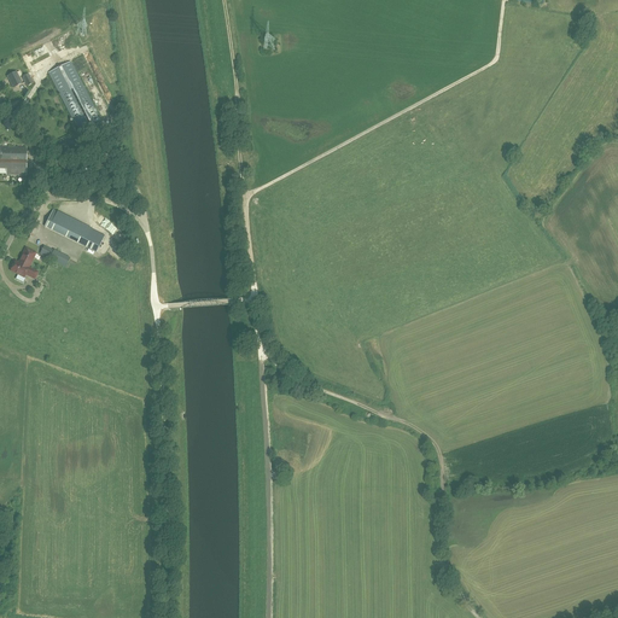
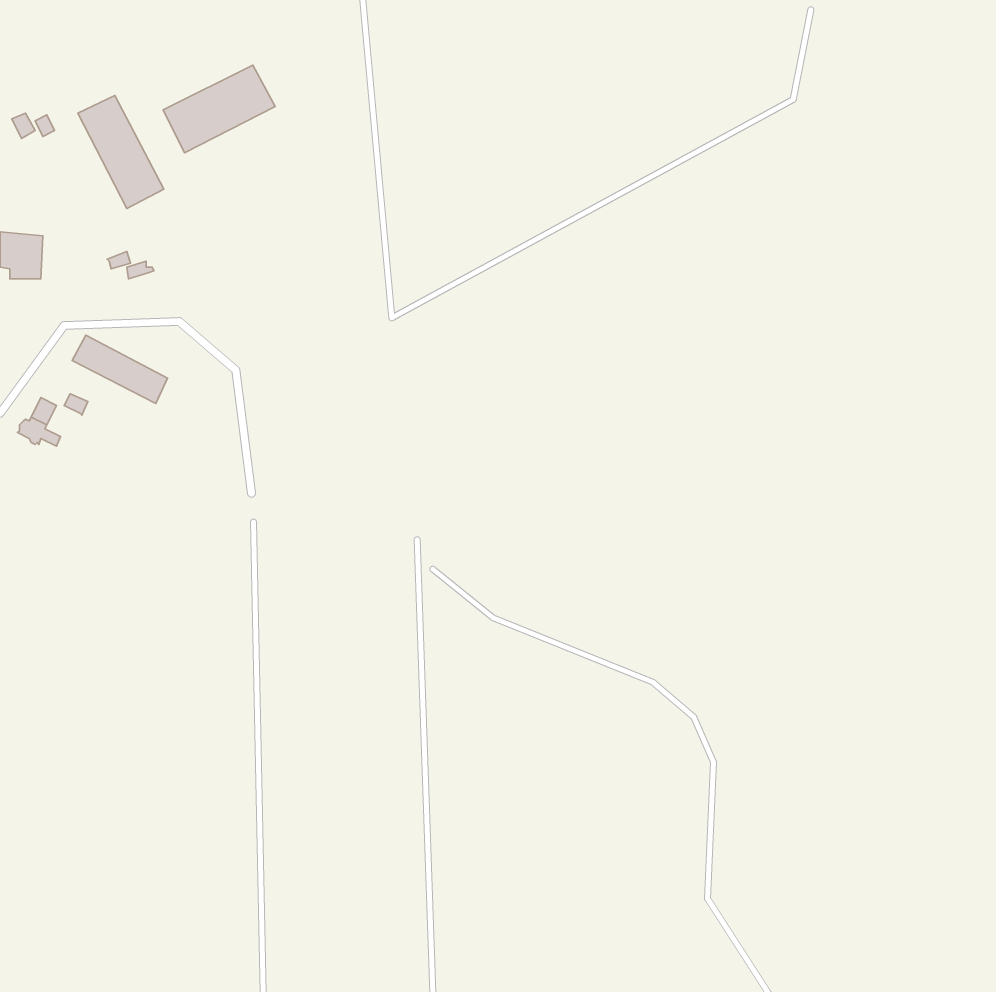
building: none -> [163,65,275,153]

